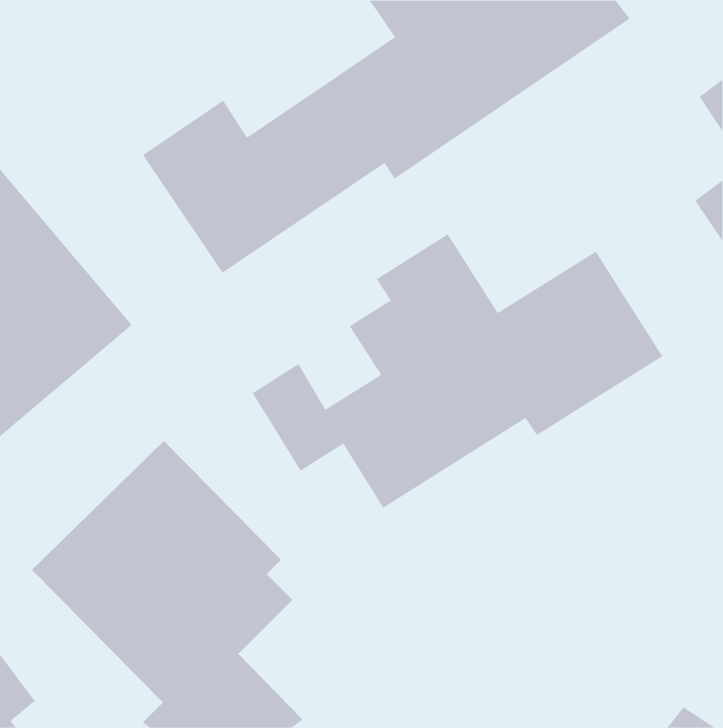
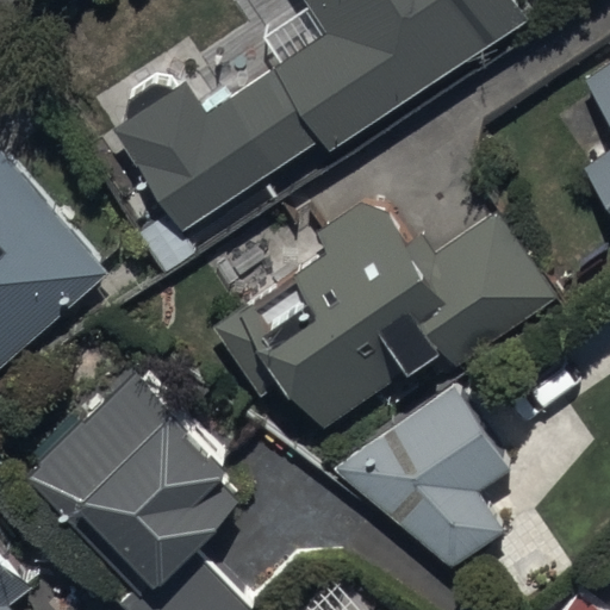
building: none -> [328,385,509,566]

